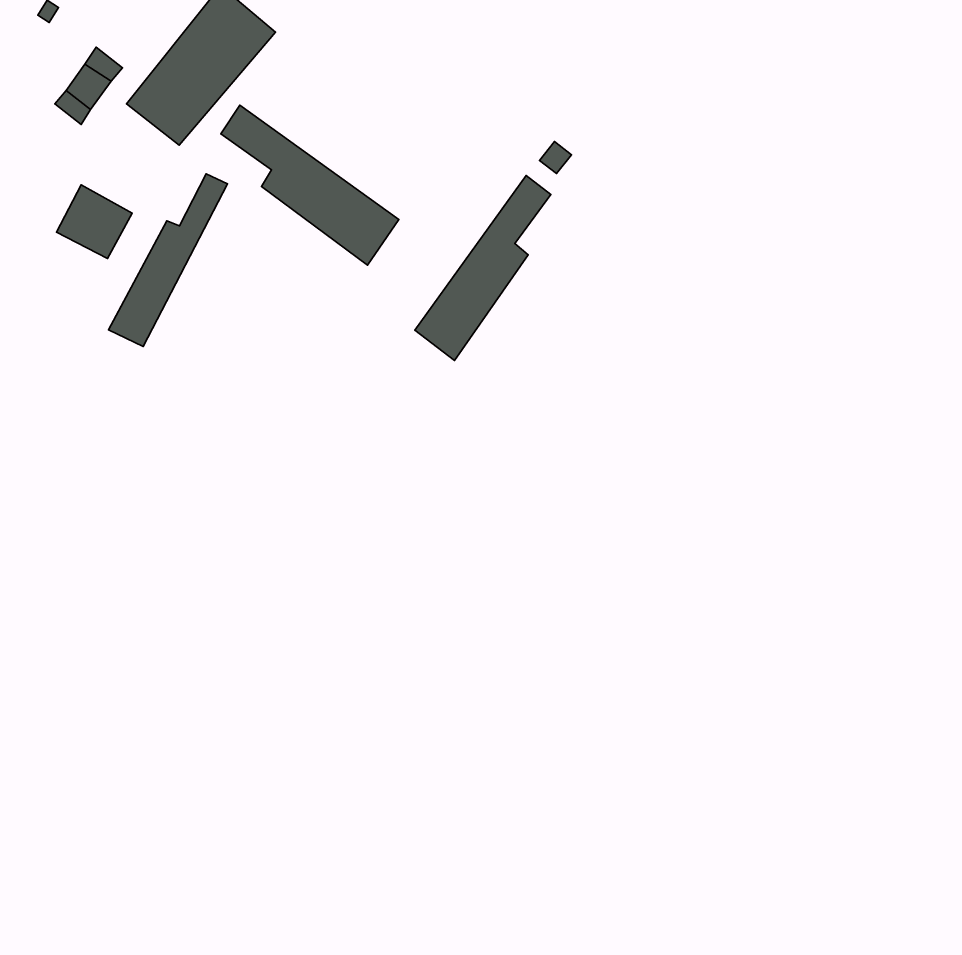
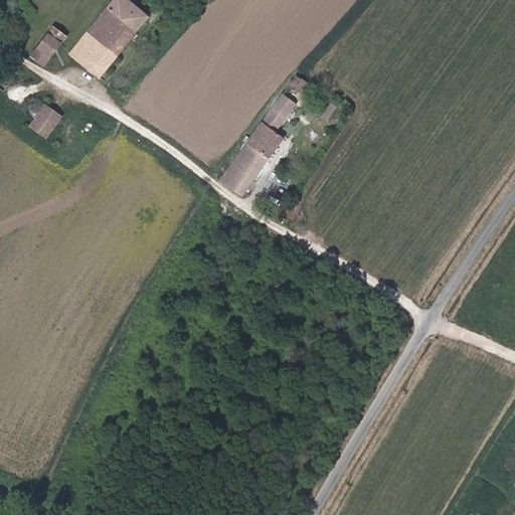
building: [221,105,399,265] -> none
building: [109,174,228,346] -> none

